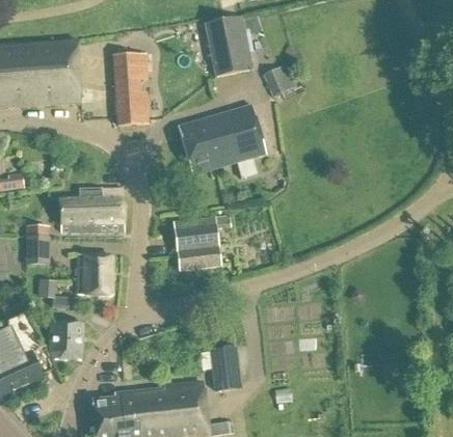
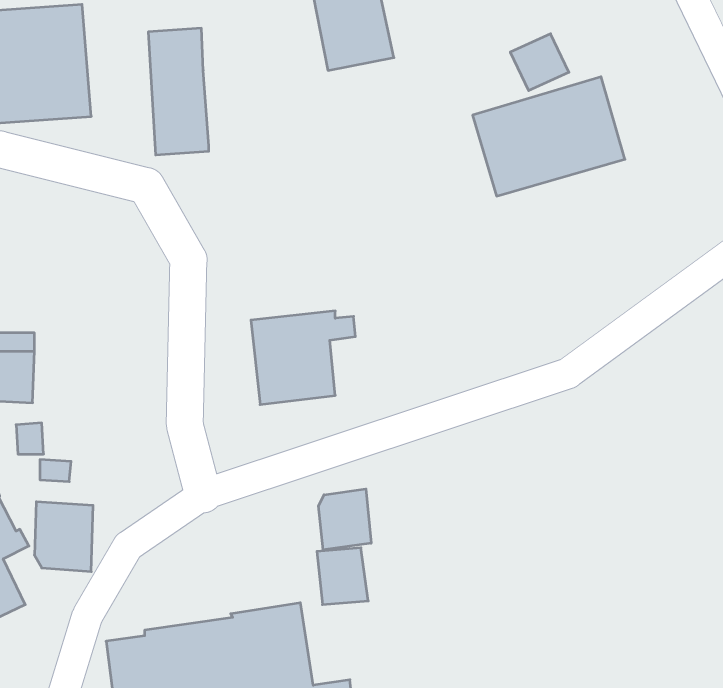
building: [263,63,296,95] -> [510,34,569,91]
building: [179,105,265,172] -> [473,77,625,196]
building: [58,187,124,231] -> none
building: [76,253,111,295] -> none
building: none -> [319,489,371,550]

